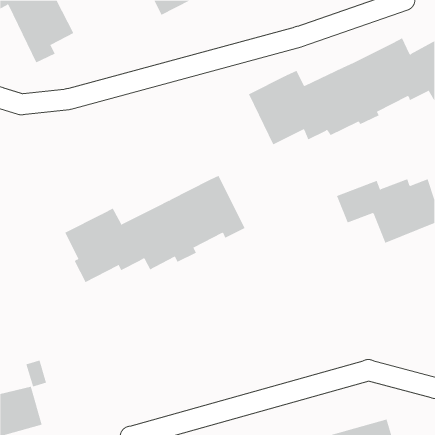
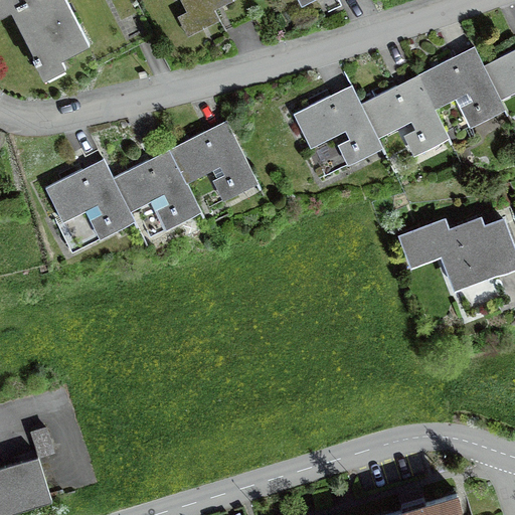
building: [65,175,245,283] -> [45,122,259,248]

